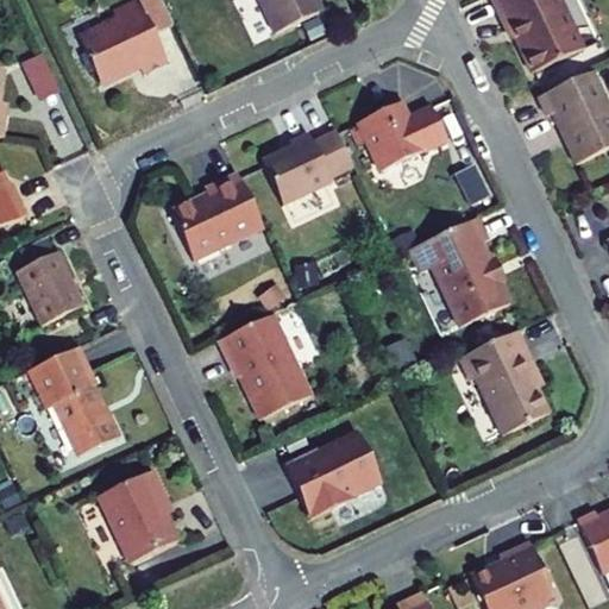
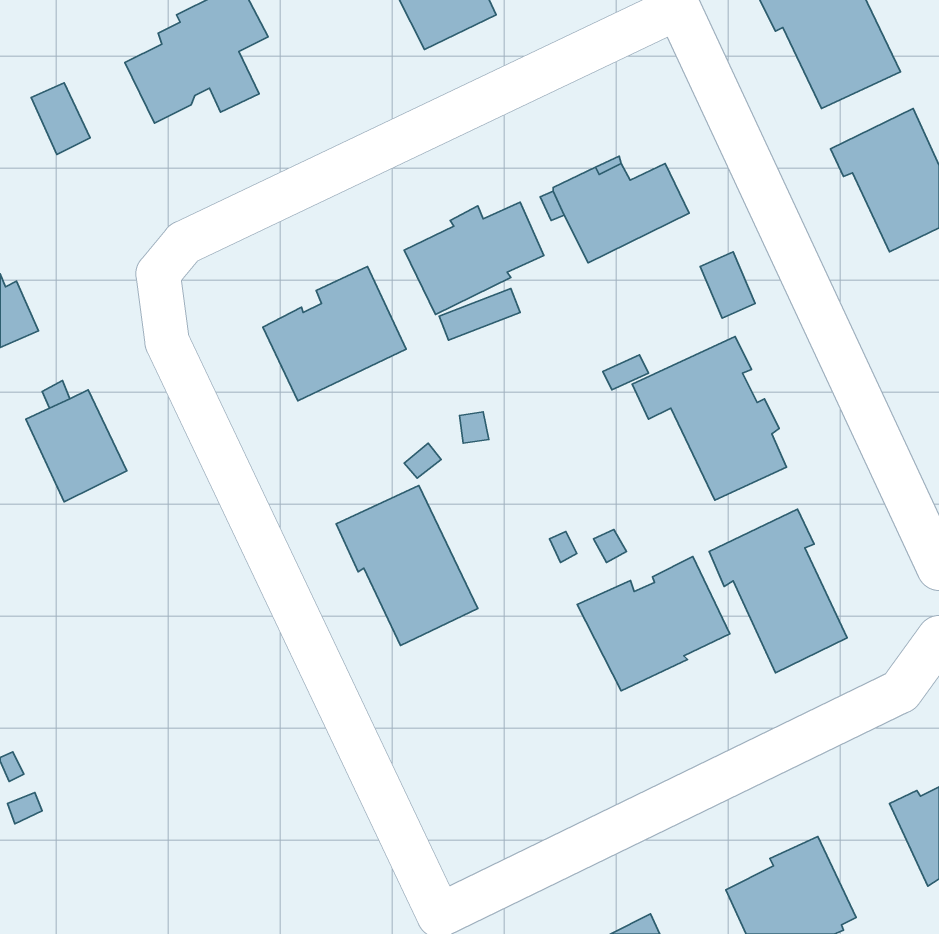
building: [29,347,118,454] -> none
building: [283,432,382,519] -> [577,557,730,691]
building: [98,470,177,563] -> none

